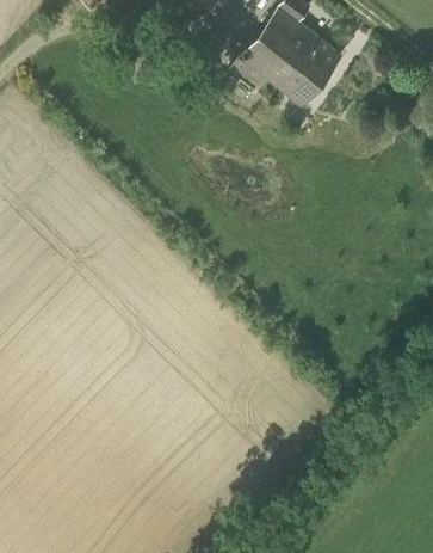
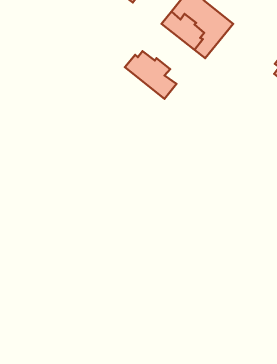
building: none -> [125,51,176,99]

